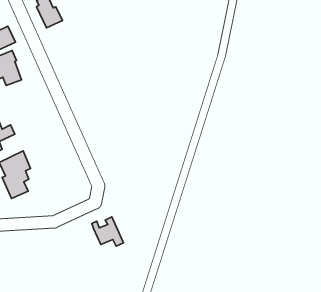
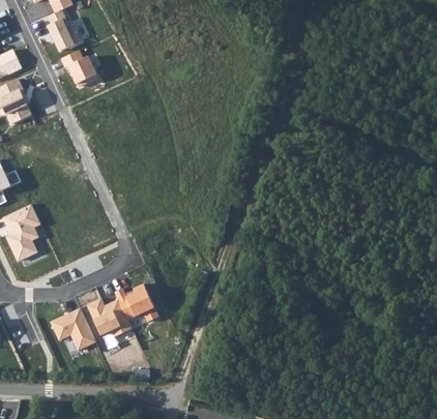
building: none -> [61,51,97,86]
building: none -> [88,299,129,337]
building: none -> [51,309,92,343]

